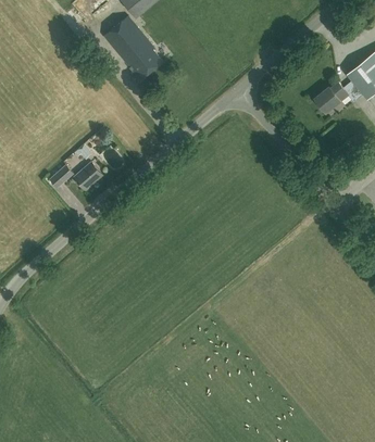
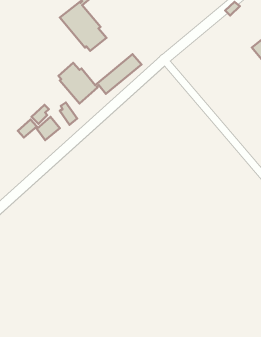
building: [315,81,349,113] -> none
building: none -> [58,54,141,103]

